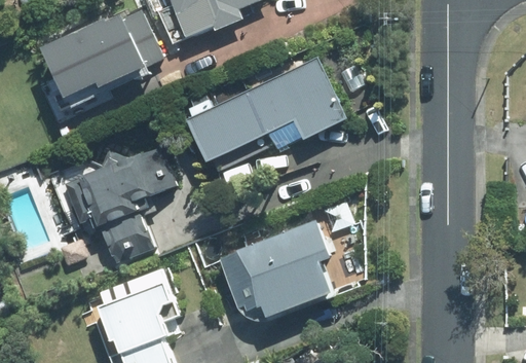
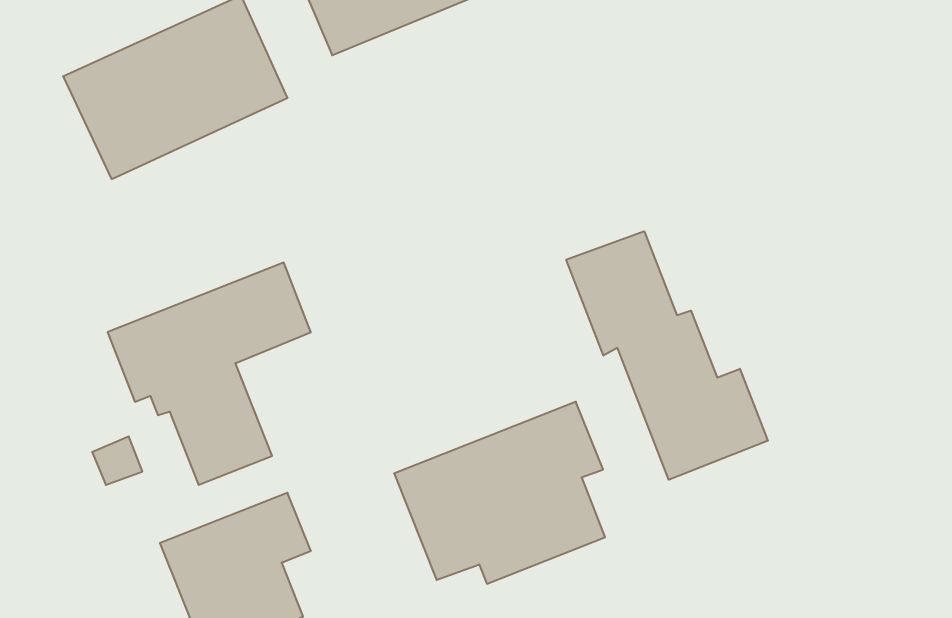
building: [187,58,346,162] -> none
building: none -> [566,231,768,480]

